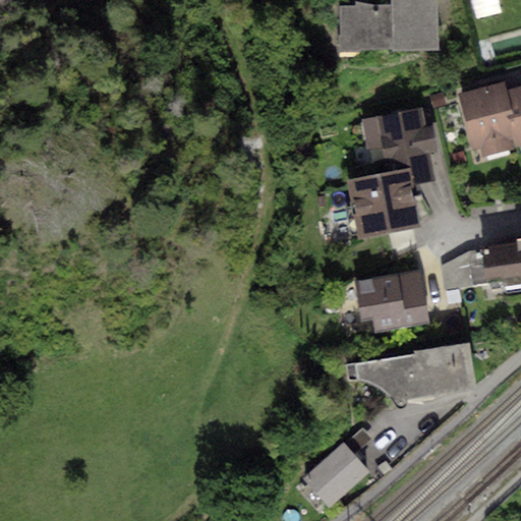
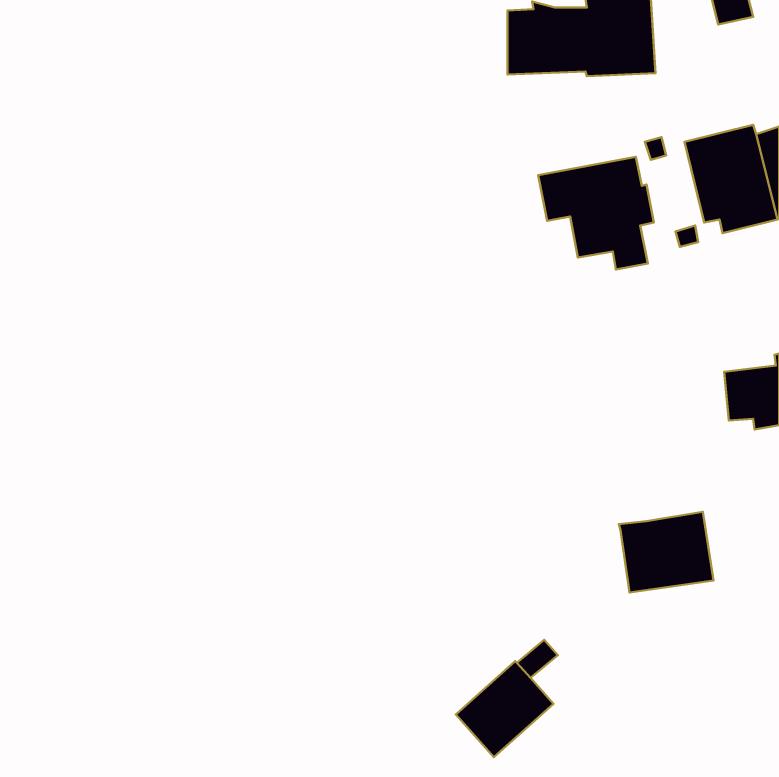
building: [349,168,419,239] -> none
building: [442,248,486,286] -> none
building: [352,268,431,332] -> none
building: [346,354,420,408] -> none

